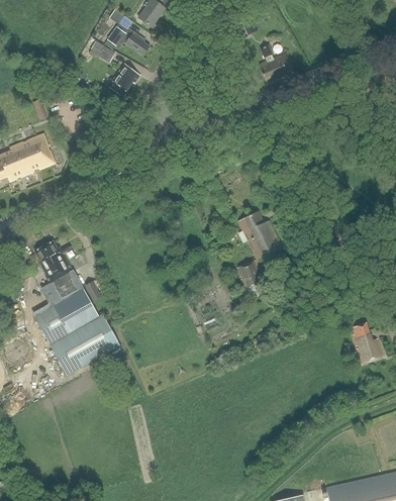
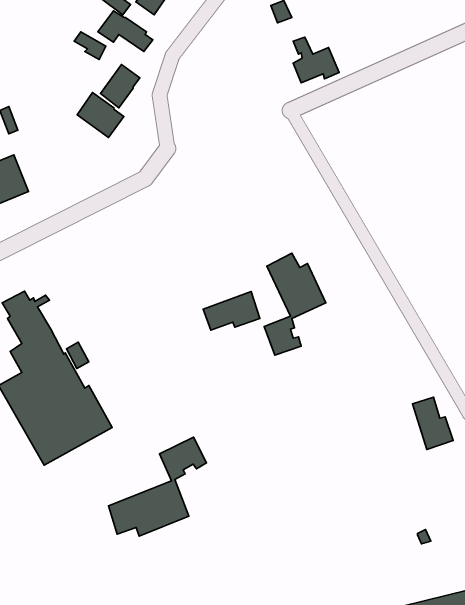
building: none -> [77,93,124,138]
building: none -> [203,292,260,330]
building: none -> [109,437,207,536]

